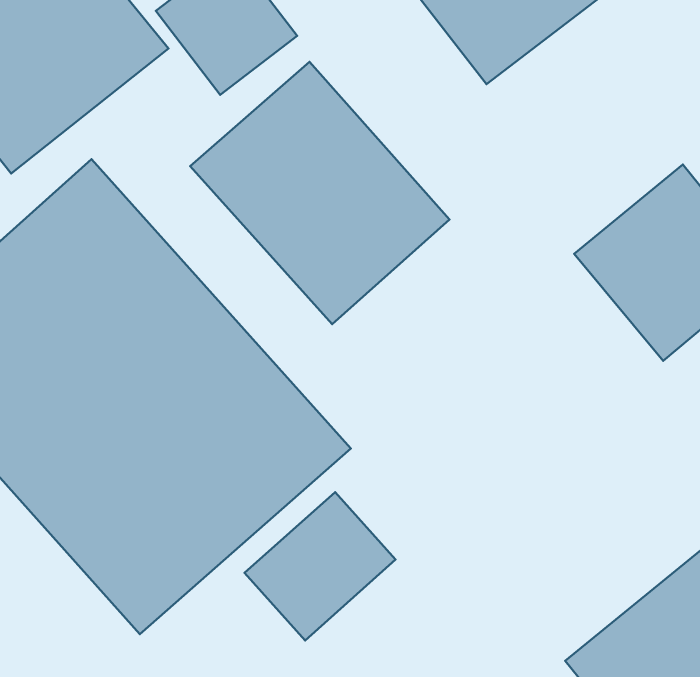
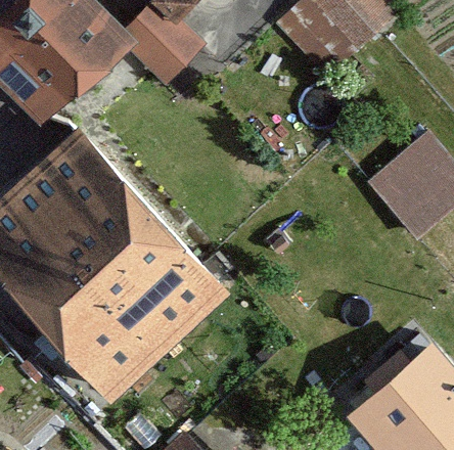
building: [190,62,449,324] -> none
building: [245,492,396,641] -> none

